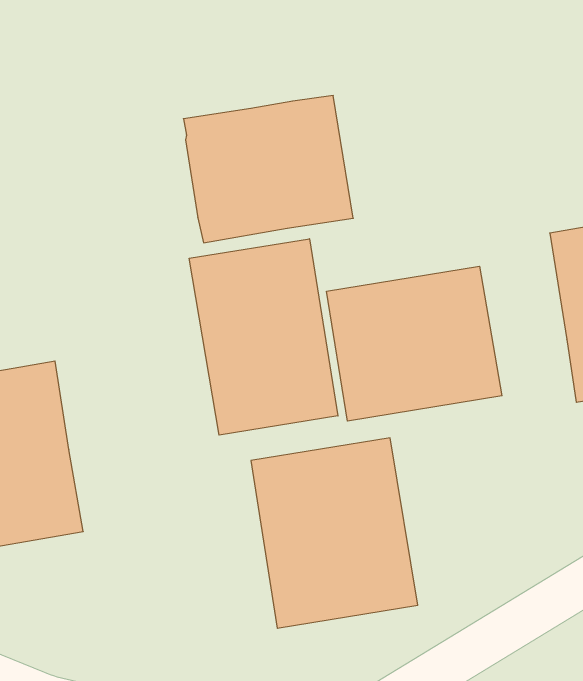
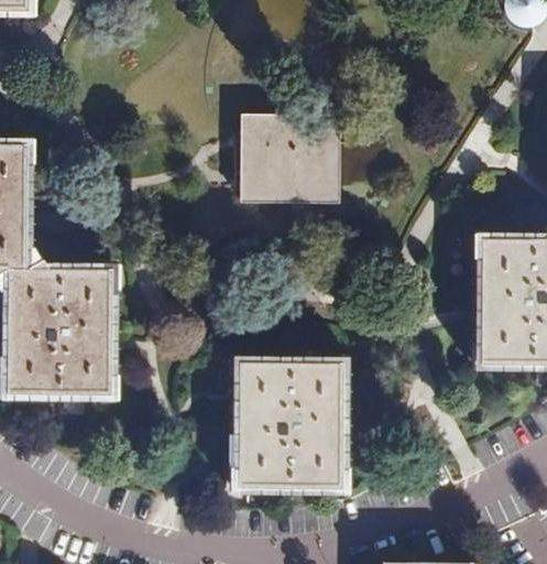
building: [189,239,338,435] -> none
building: [327,266,502,421] -> none

